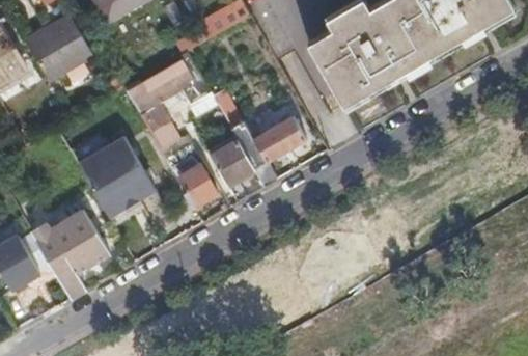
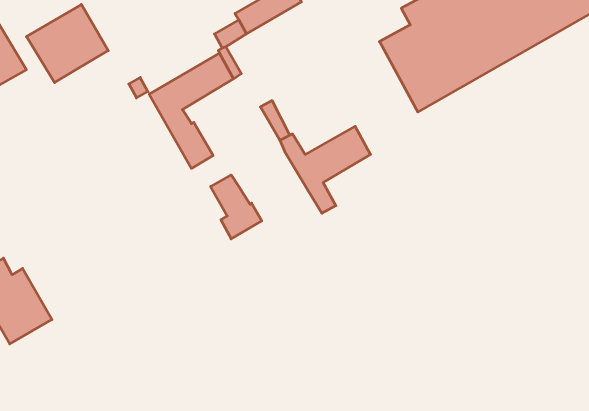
building: [210,137,255,185] -> none
building: [79,138,156,217] -> none
building: [34,212,110,299] -> none

